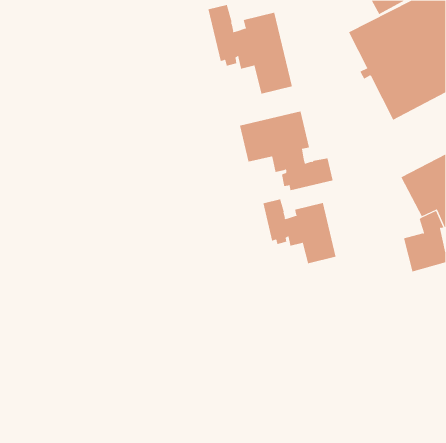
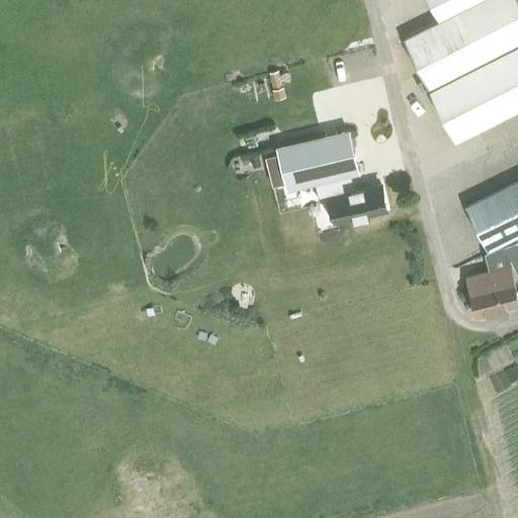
building: [208,4,292,94] -> none
building: [263,198,336,264] -> none

